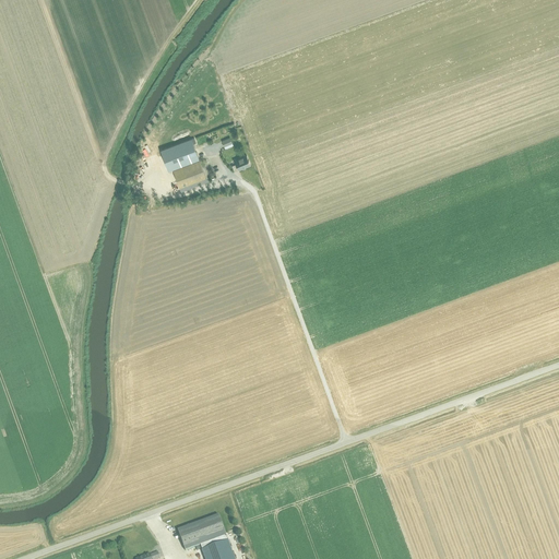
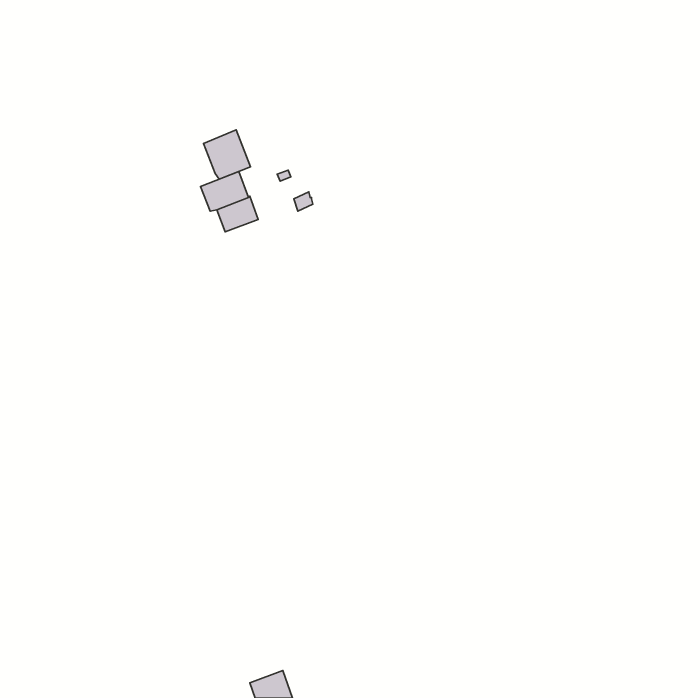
building: none -> [203,130,251,179]
building: [177,513,225,549] -> none

